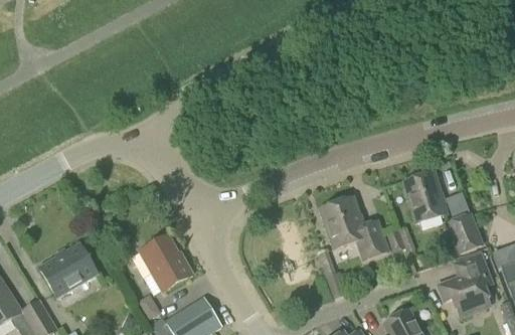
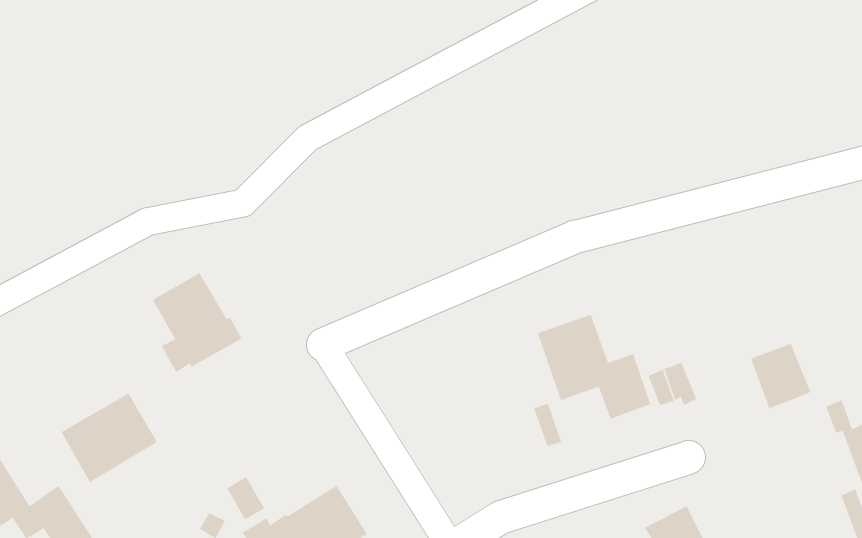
building: [404,171,447,221] -> none
building: [140,233,193,293] -> [152,272,242,373]
building: [441,254,492,315] -> none

